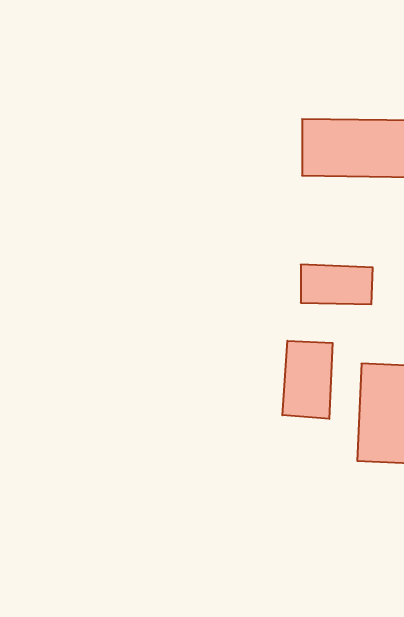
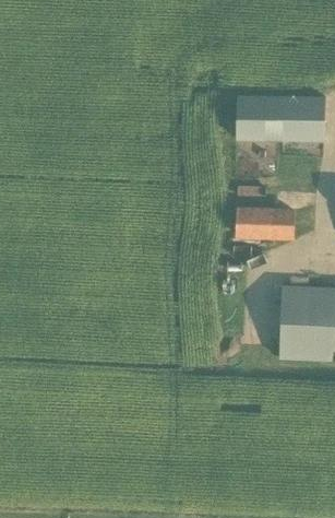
building: [282,341,333,419] -> none

